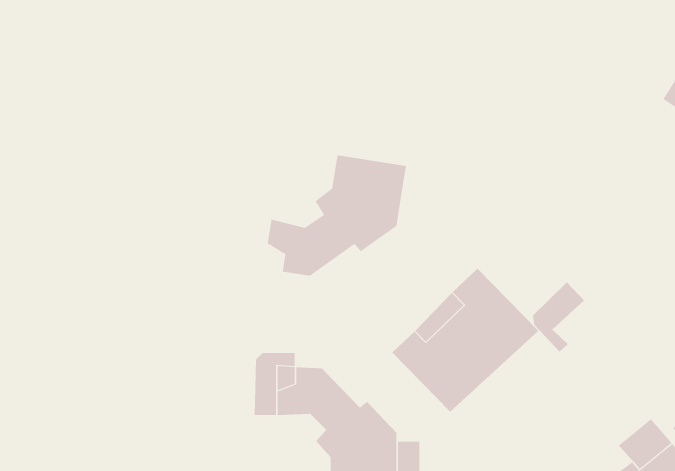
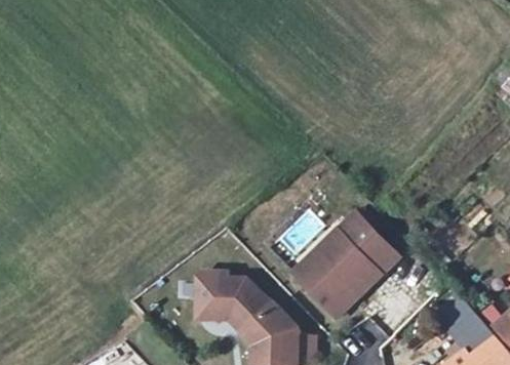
building: [267,154,407,276] -> none
building: [533,282,585,352] -> none

